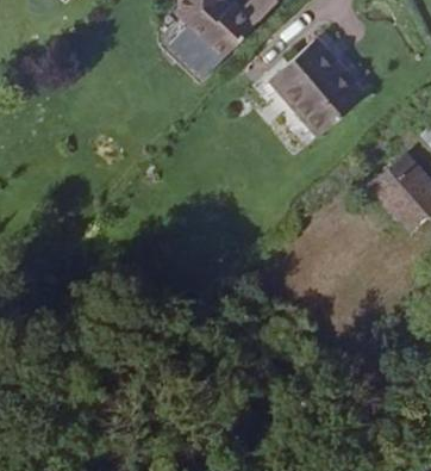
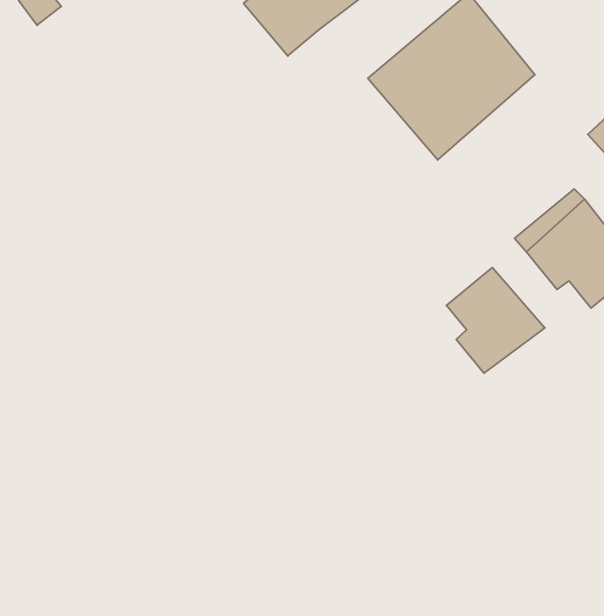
building: none -> [446,268,545,373]

